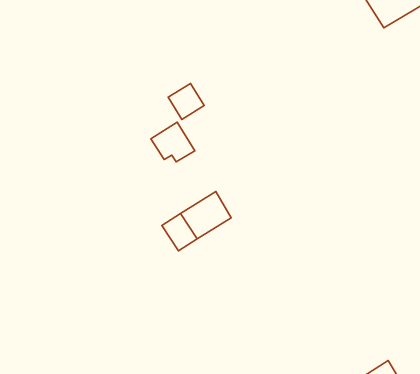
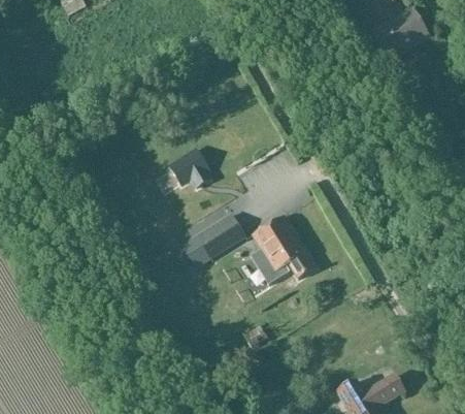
building: [168,83,204,119] -> none
building: none -> [251,215,315,278]

